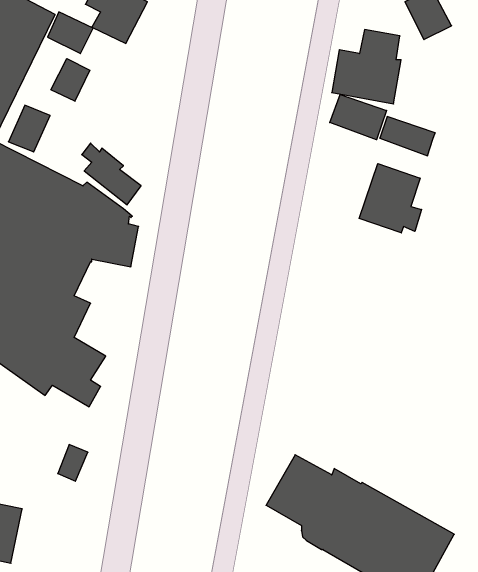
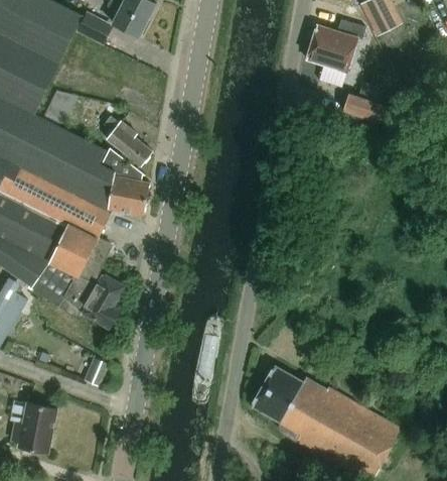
building: [51,59,90,101] -> none
building: [330,95,387,140] -> none
building: [359,164,422,233] -> none

